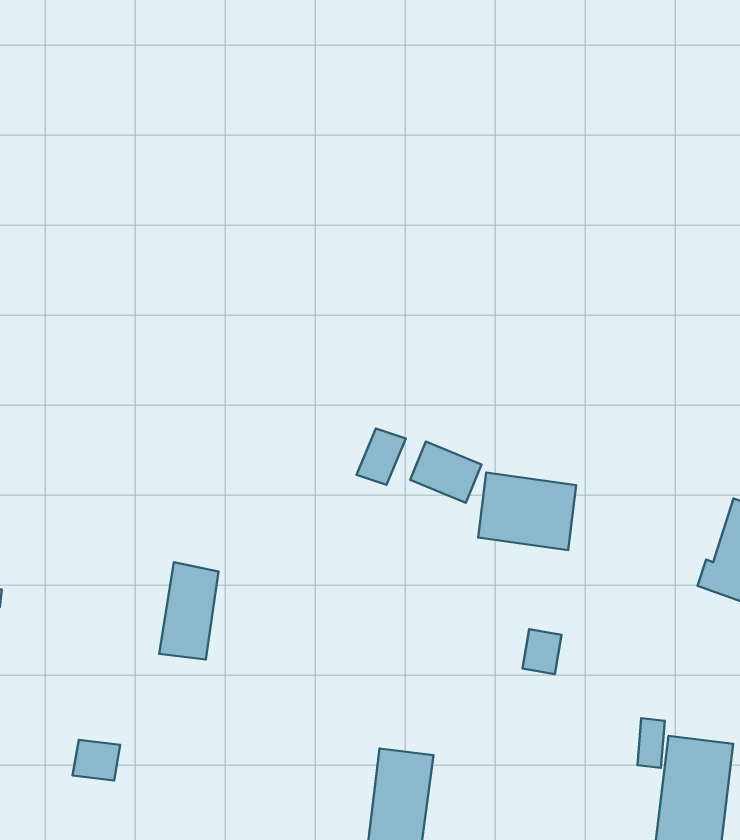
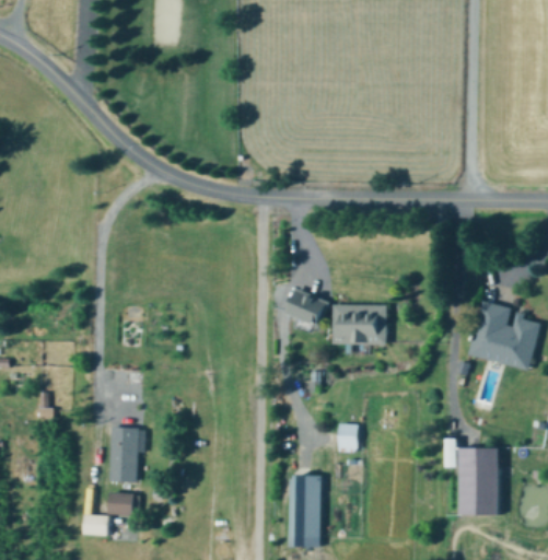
building: [357,428,406,485] -> none
building: [159,562,218,659] -> [107,427,137,482]
building: [523,629,561,674] -> [338,424,359,450]
building: none -> [82,515,108,536]

